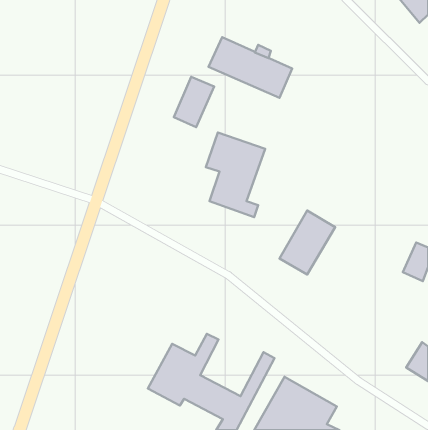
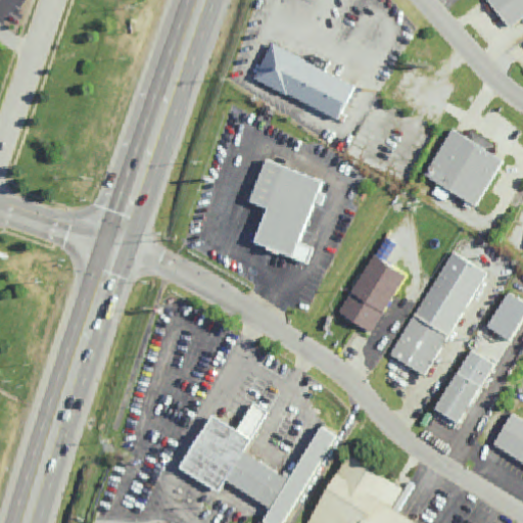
building: [174,77,214,127] -> none
building: none -> [422,128,501,205]
building: none -> [391,251,482,376]
building: none -> [434,349,493,424]

